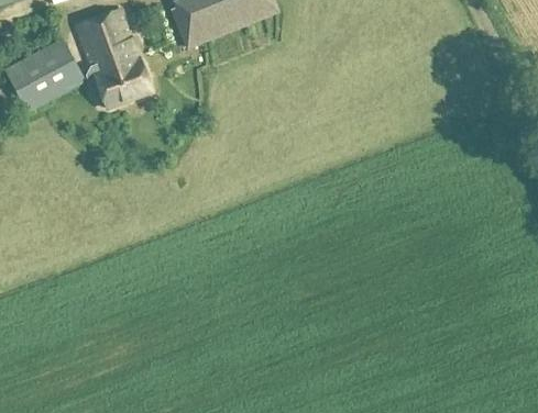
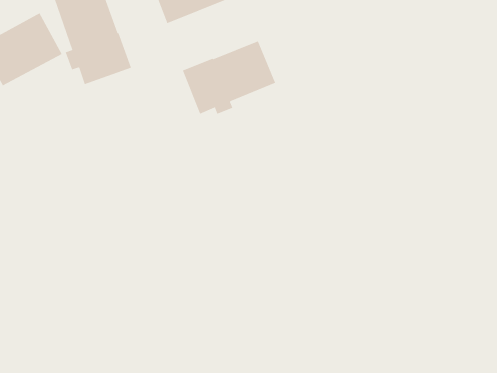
building: none -> [182,41,276,114]

